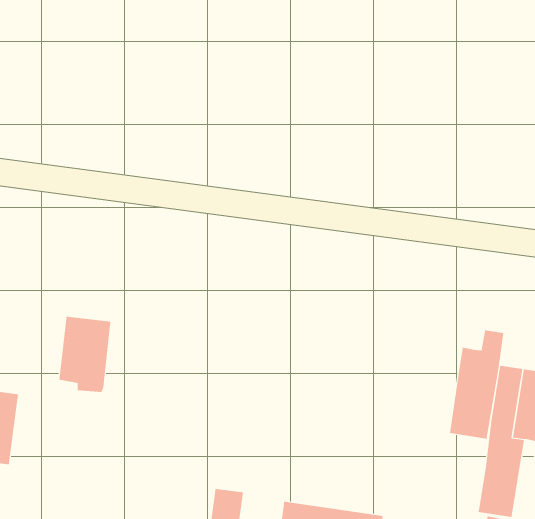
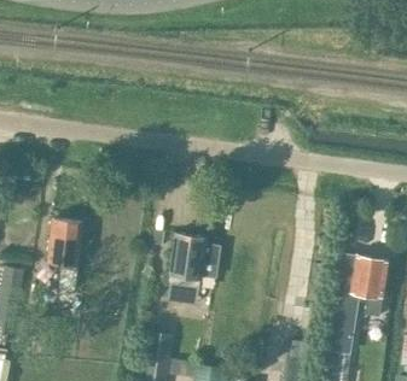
building: [449,330,504,439] -> none
building: none -> [168,234,220,288]

